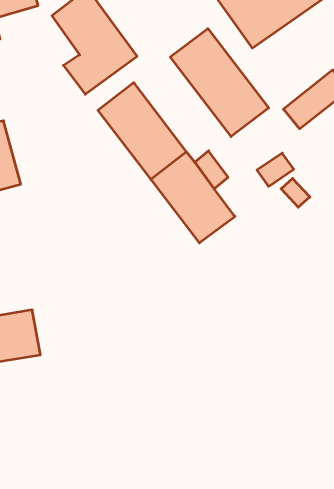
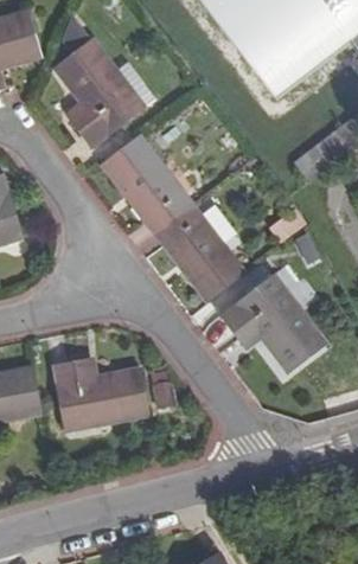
building: [170,29,269,137] -> none
building: none -> [219,274,325,370]
building: none -> [51,357,149,429]

